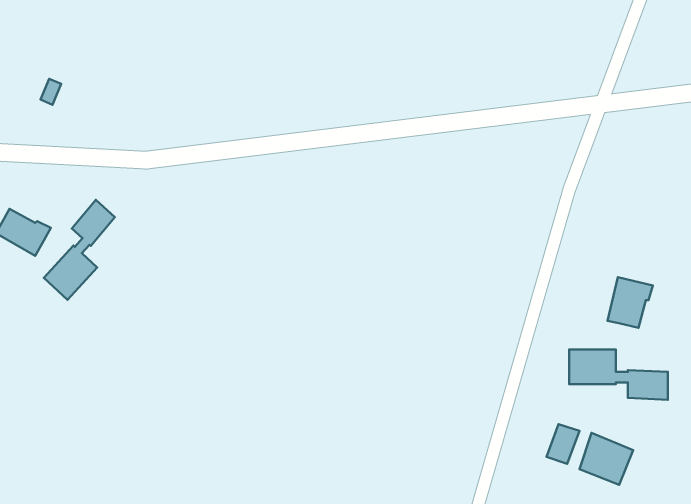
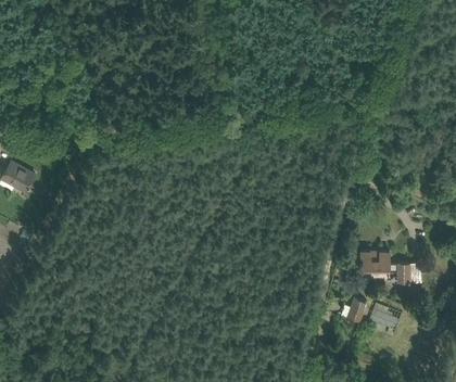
building: [44,200,115,300] -> none
building: [608,277,653,328] -> none

